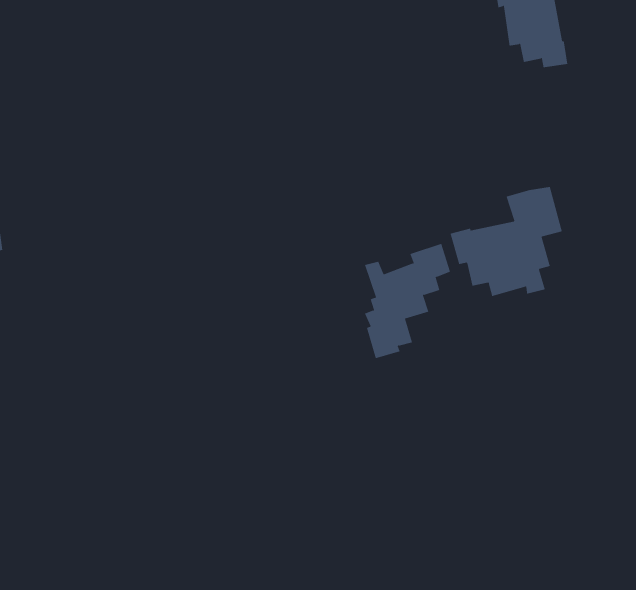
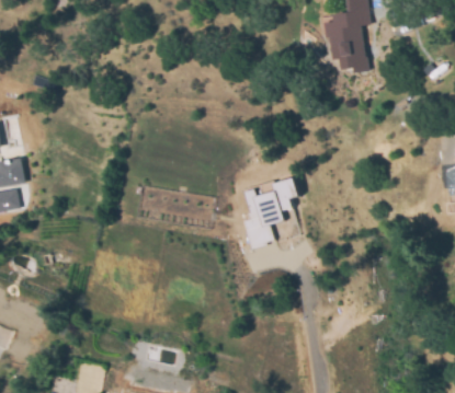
building: [450,186,563,297] -> none

